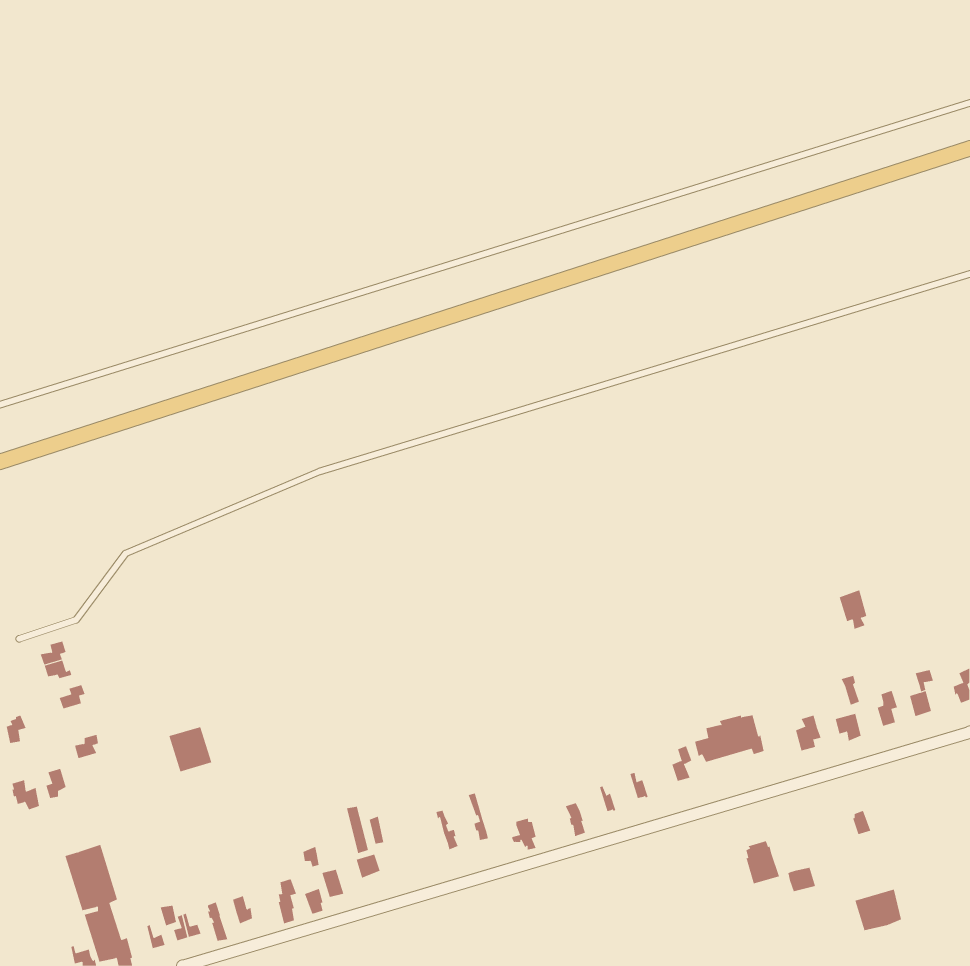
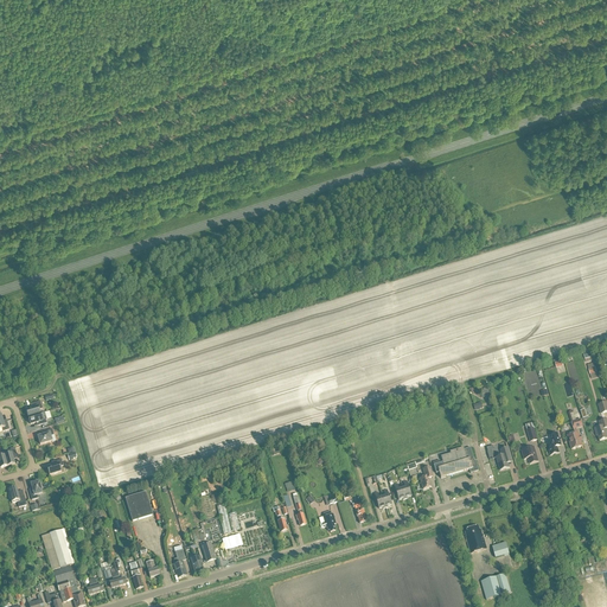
building: [169,726,212,772] -> [124,491,152,519]
building: [854,889,902,931] -> [480,571,510,598]

